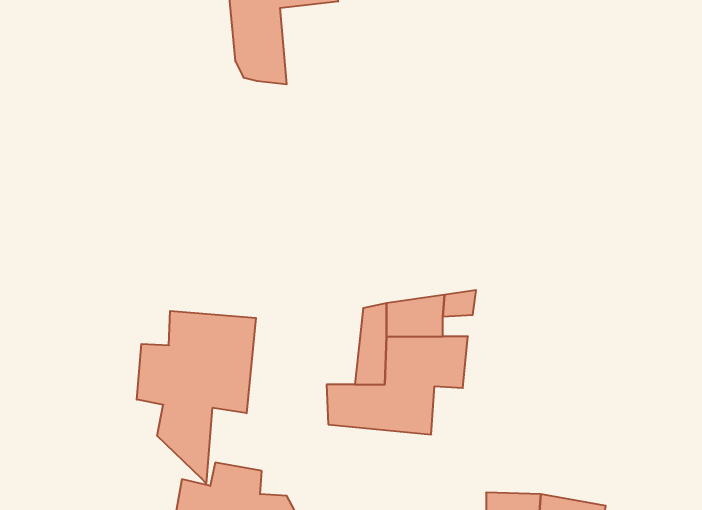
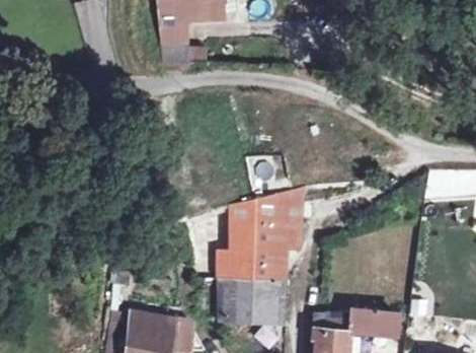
building: [137,311,256,484] -> none
building: none -> [218,276,281,321]

